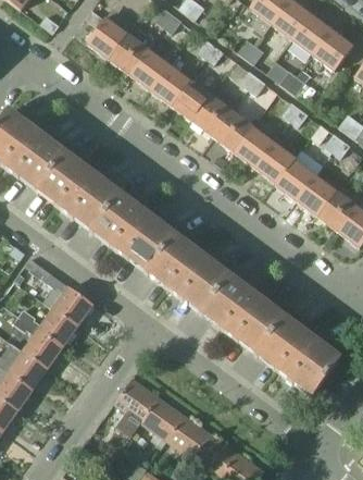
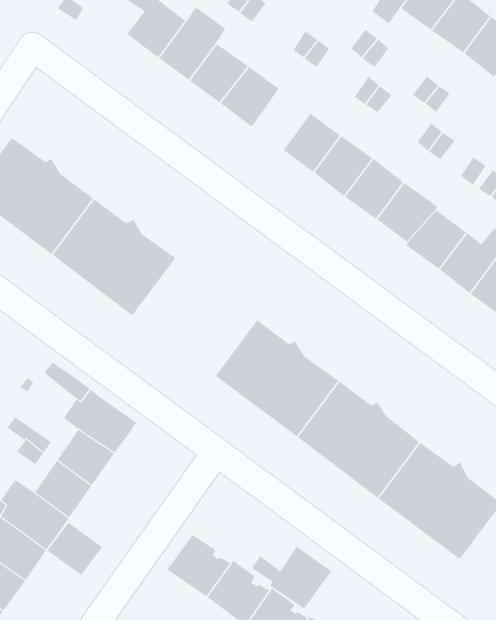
building: [171,78,210,120] -> none
building: [90,193,174,272] -> none
building: none -> [47,522,103,576]
building: none -> [251,546,332,609]

